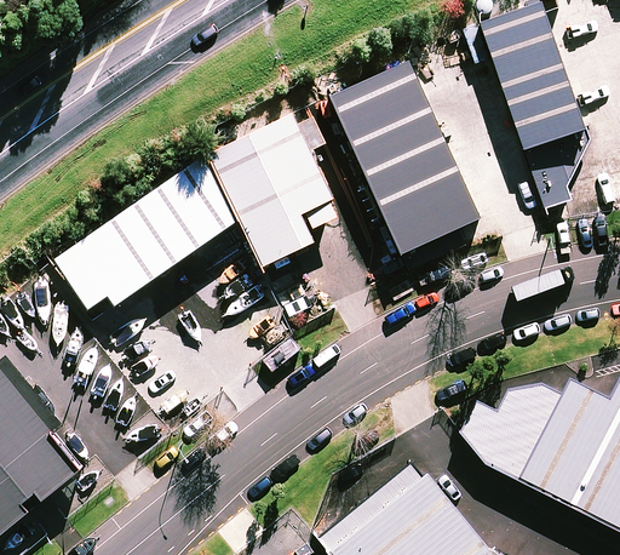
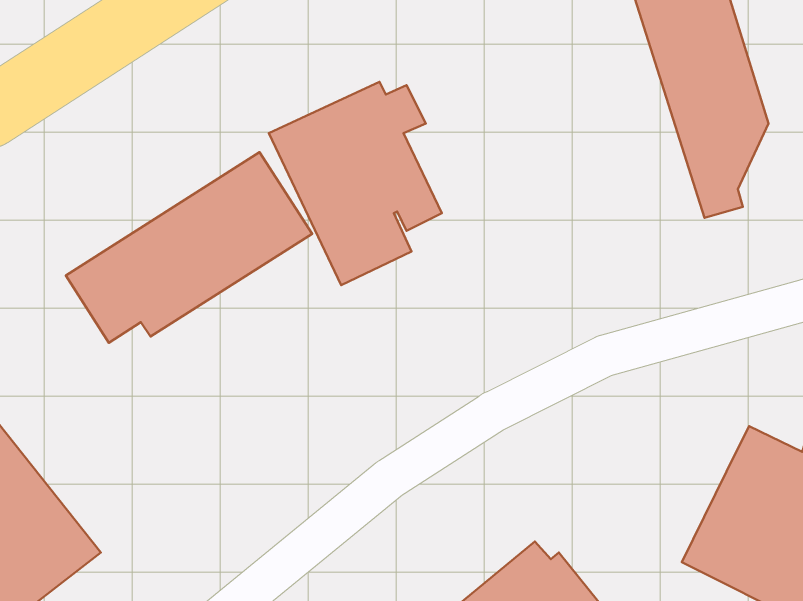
building: [323,62,480,278] -> none
building: [458,379,563,475] -> none

